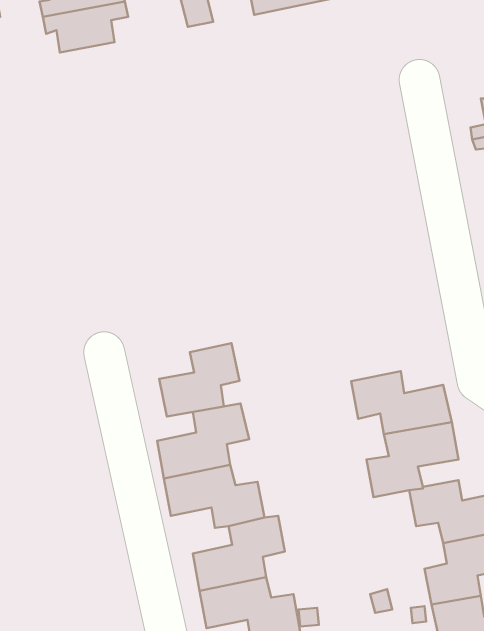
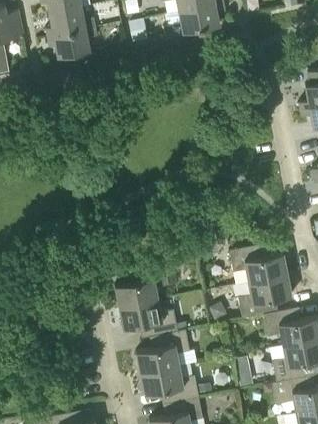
building: [159,343,239,417] -> none

